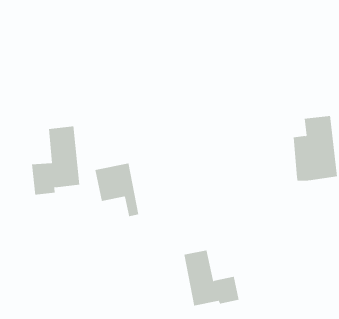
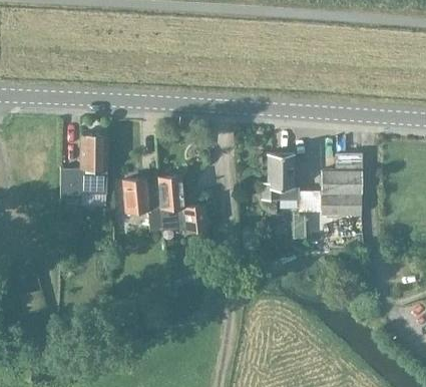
building: none -> [262,156,294,201]
building: [183,250,239,306] -> [157,177,207,233]

